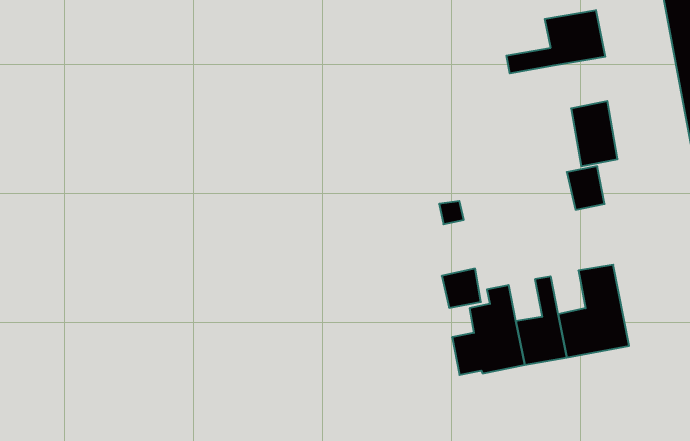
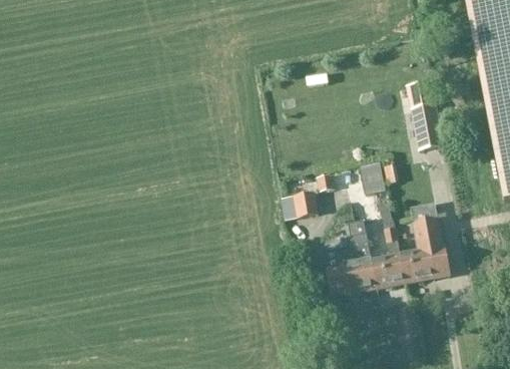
building: [506,10,605,73] -> none
building: [567,166,605,210] -> [359,161,385,192]
building: [442,269,481,308] -> [293,189,320,216]

